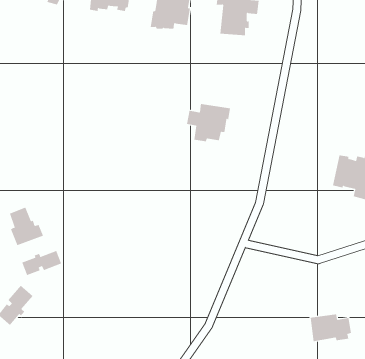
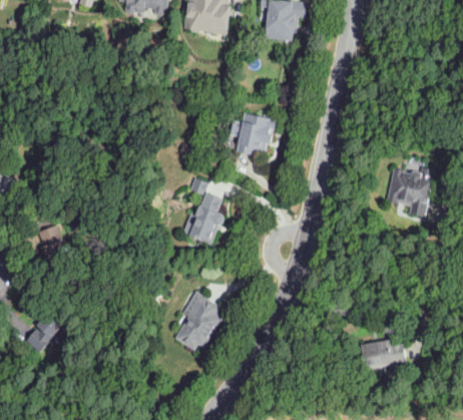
building: none -> [188,176,223,244]
building: [21,250,62,276] -> none
building: none -> [173,292,221,350]

